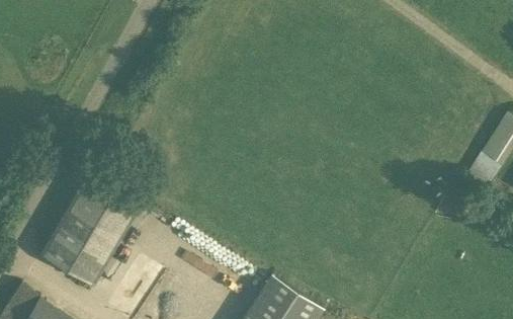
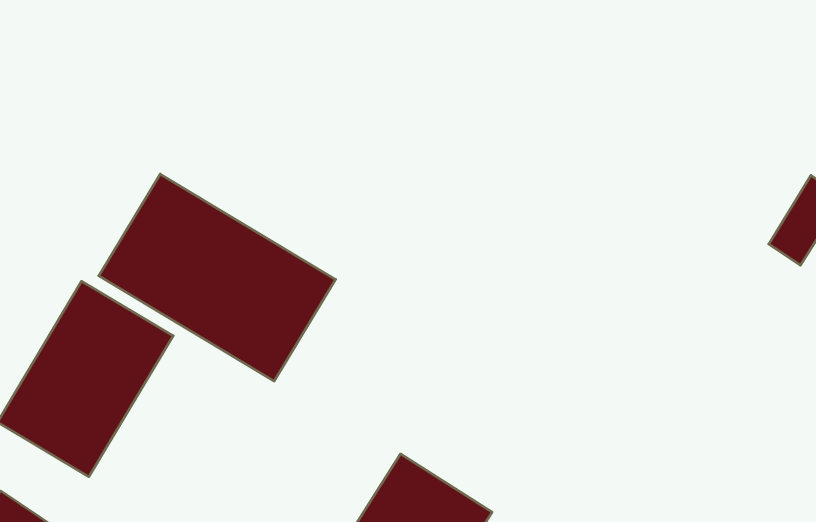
building: none -> [99,174,336,381]

